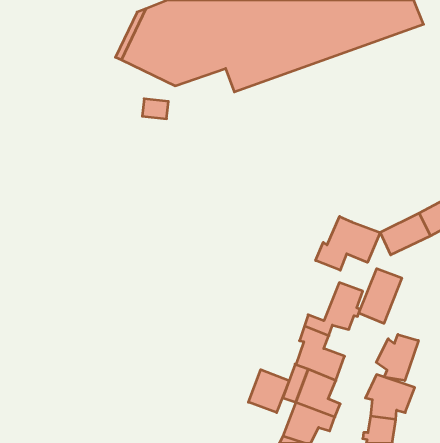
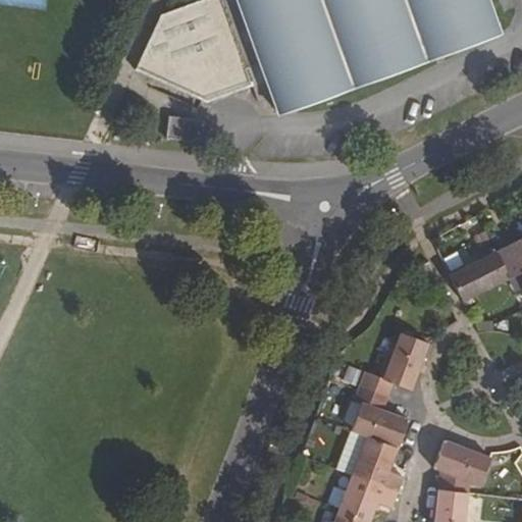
building: [316,216,380,270] -> none
building: [359,269,402,323] -> none
building: [376,334,418,381] -> none
building: [248,370,289,413] -> none

